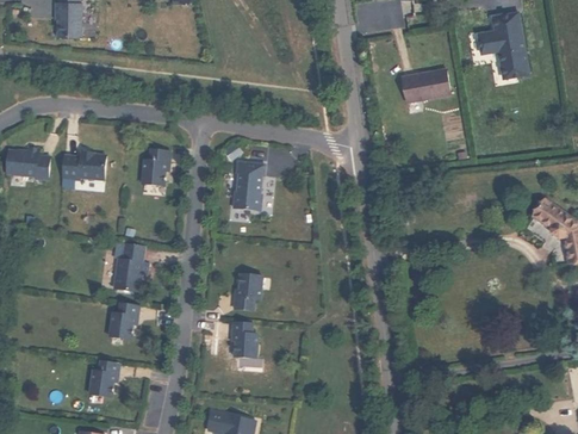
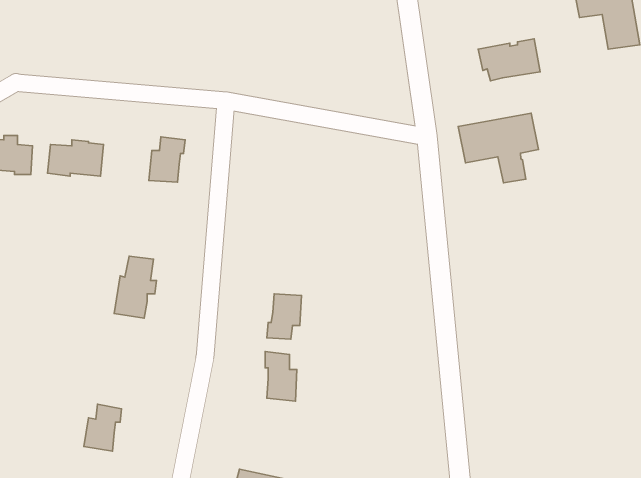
building: none -> [458,113,539,183]
building: [232,161,265,209] -> none
building: [108,302,138,339] -> none

